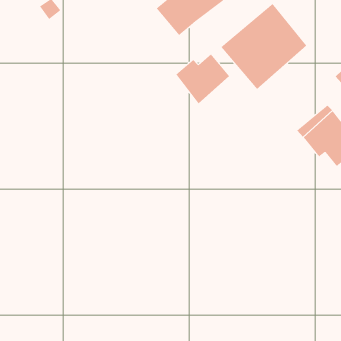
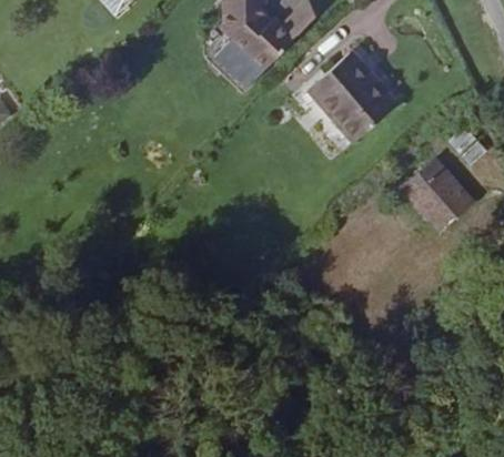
building: [176,53,230,104] -> none

